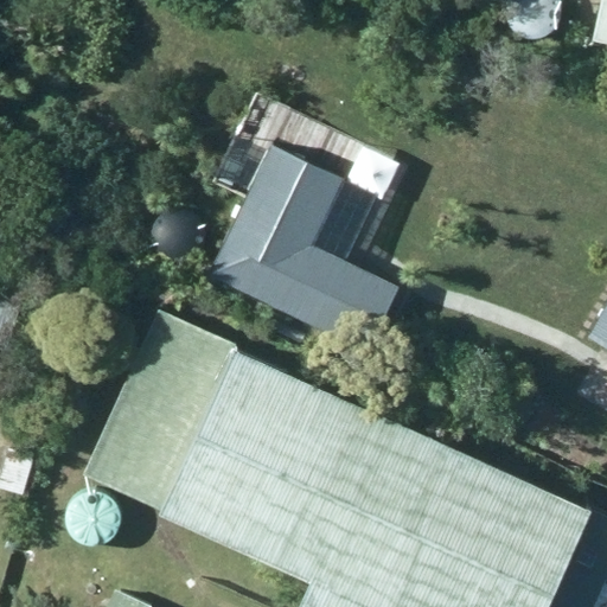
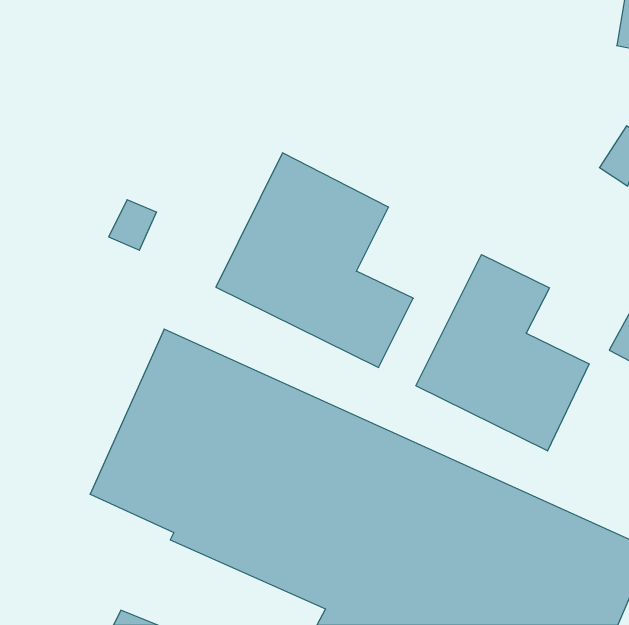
building: none -> [416,255,589,451]

